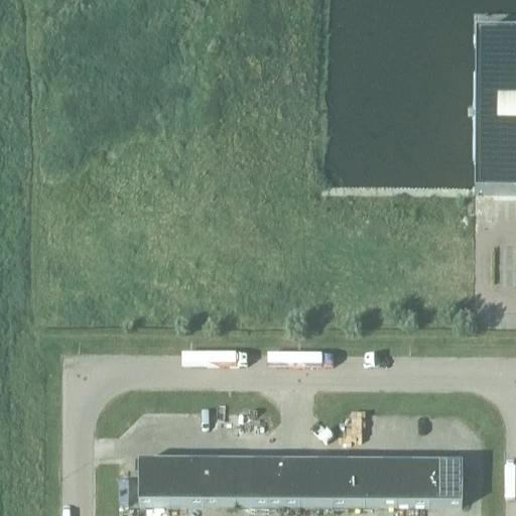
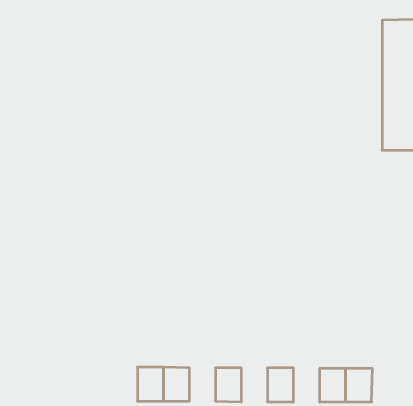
building: [140,456,173,498] -> none
building: [238,457,270,498] -> none
building: [302,457,335,499] -> none
building: [367,457,399,499] -> none

